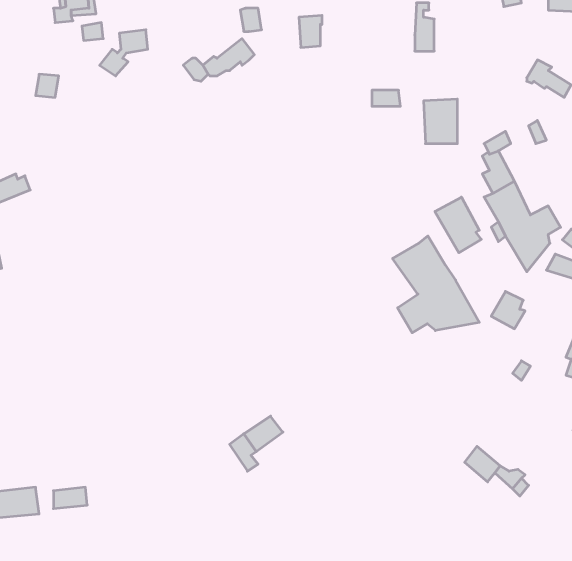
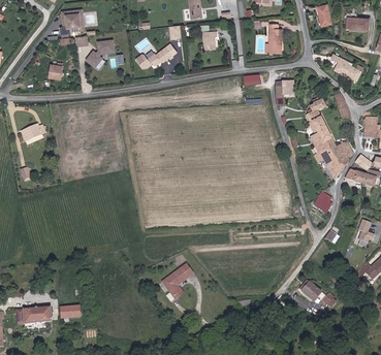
building: [435,197,481,253] -> none
building: [393,236,479,333] -> none

